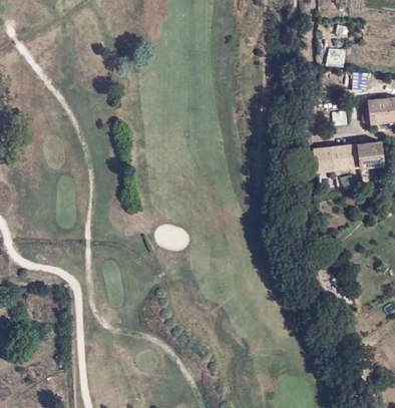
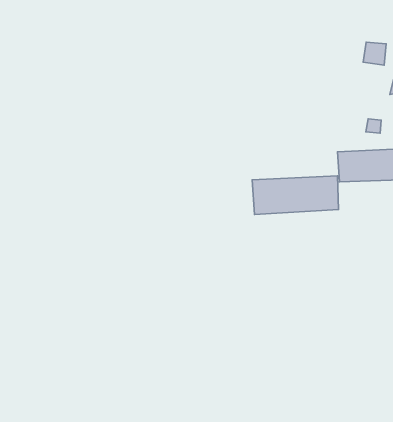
building: none -> [252,176,338,214]

